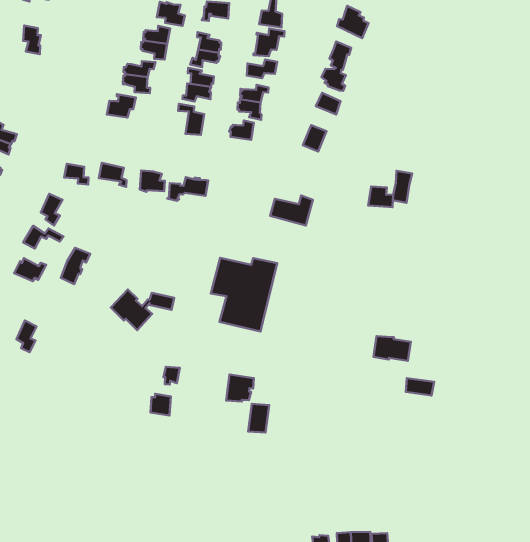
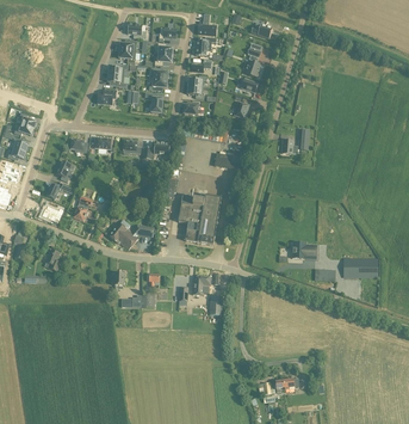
building: none -> [342,256,377,276]

